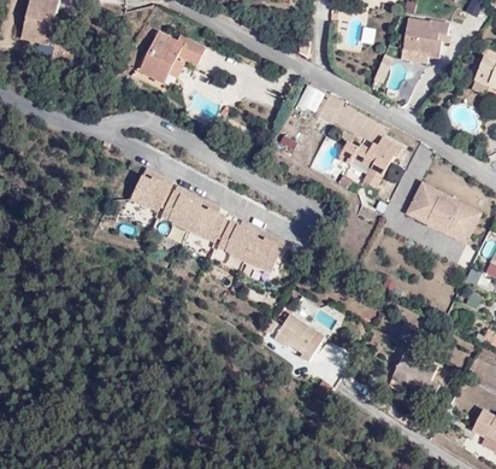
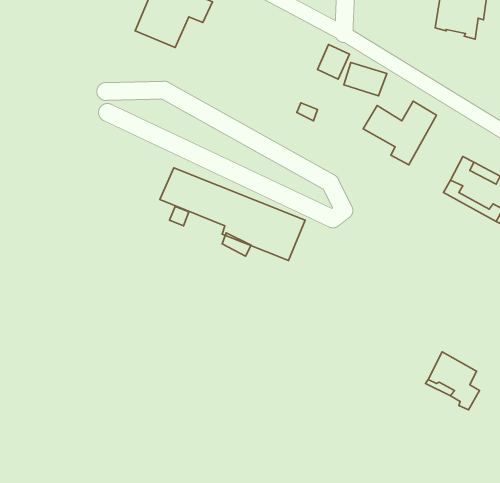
building: [131,166,172,207] -> none
building: [273,309,325,357] -> none

